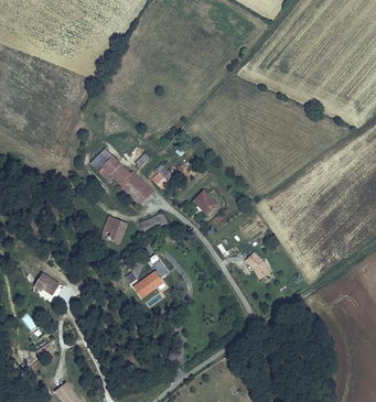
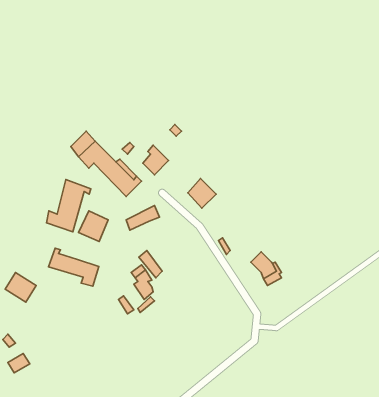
building: none -> [47,179,91,232]
building: none -> [49,248,99,286]

